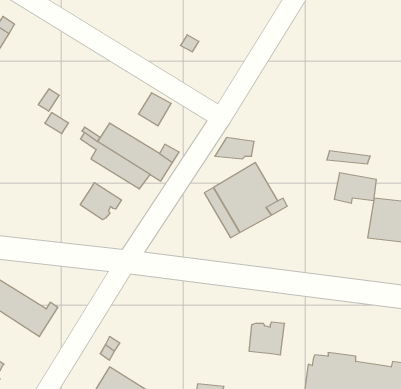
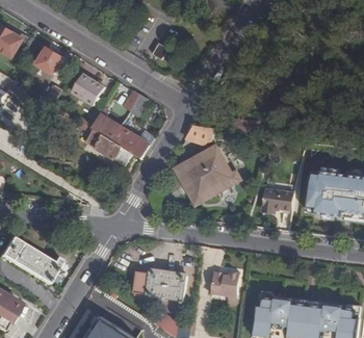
building: none -> [35,48,62,75]
building: none -> [71,75,102,105]
building: [334,173,376,203] -> [258,188,291,212]
building: [80,183,122,220] -> none
building: none -> [132,271,185,304]

